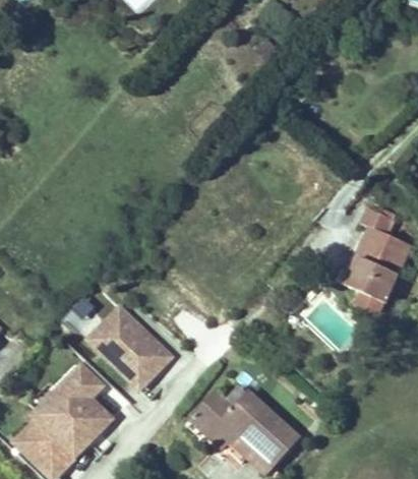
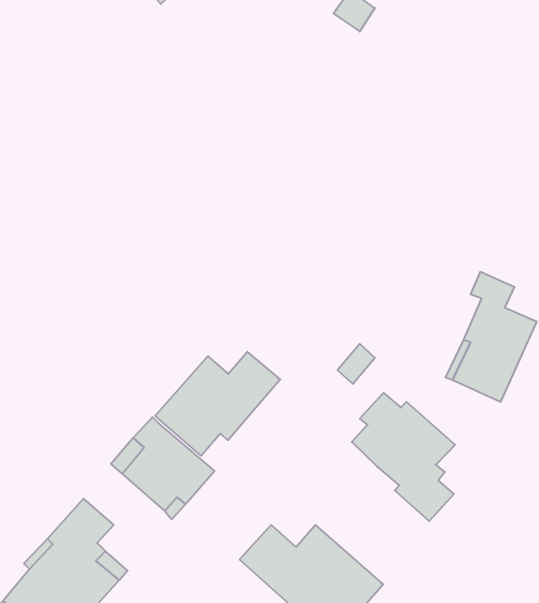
building: none -> [155,352,280,456]
building: none -> [352,393,455,521]

